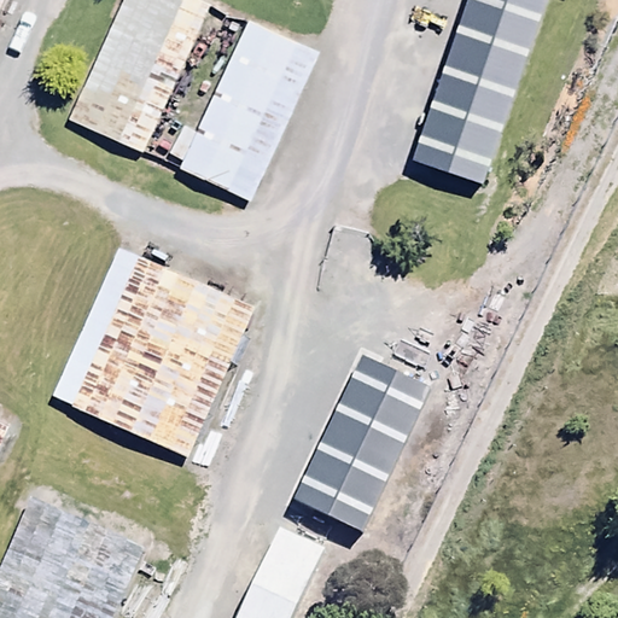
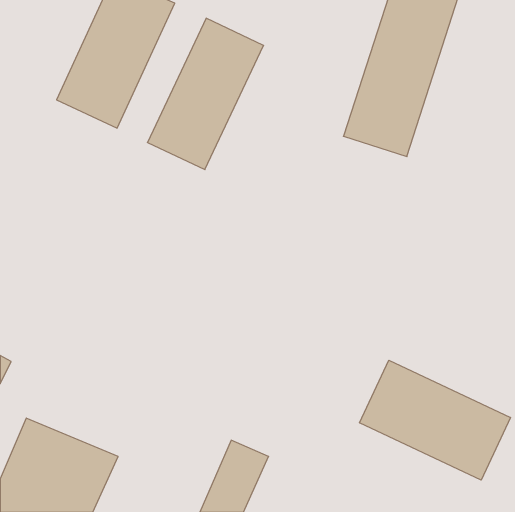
building: [52,249,253,457] -> none
building: [297,358,428,530] -> none
building: none -> [360,360,510,480]

